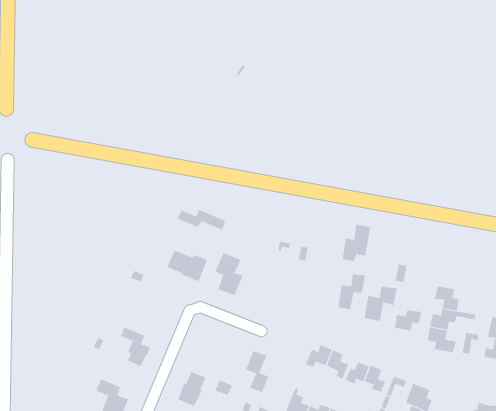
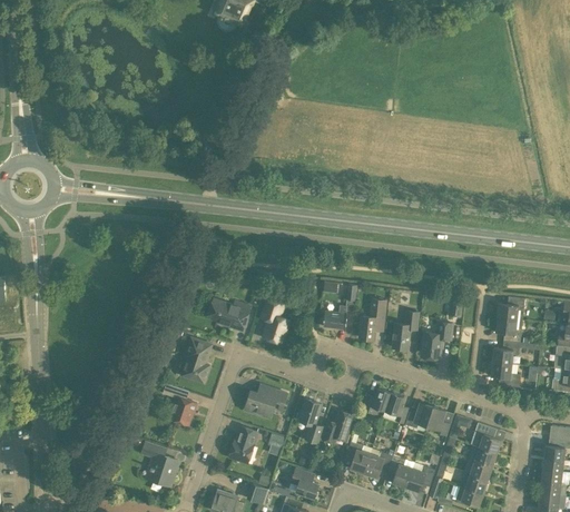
building: [177,209,226,230] -> none
building: [342,224,371,262] -> [358,298,387,338]
building: none -> [323,304,346,329]
building: none -> [180,337,212,383]
building: [394,310,422,331] -> [497,297,525,319]
building: none -> [244,383,288,419]
building: none -> [321,410,353,444]

